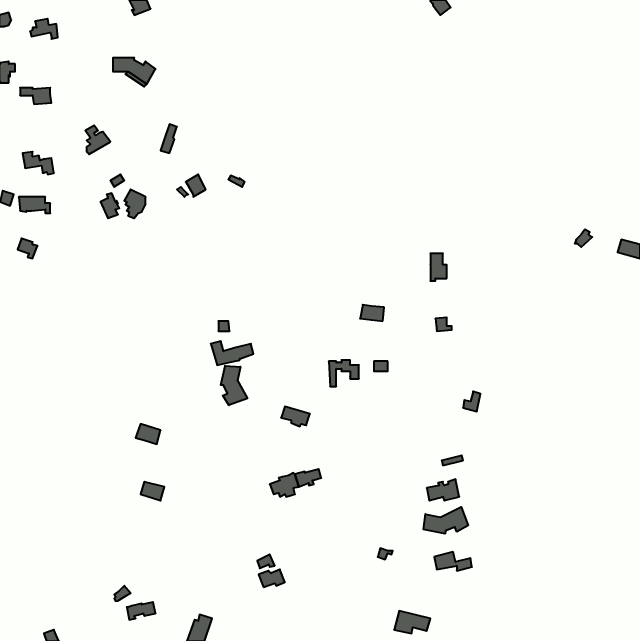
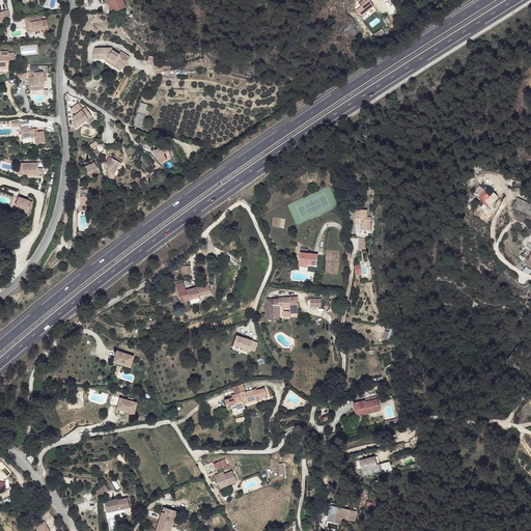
building: [221,366,247,405] -> none
building: [424,507,468,534] -> none

